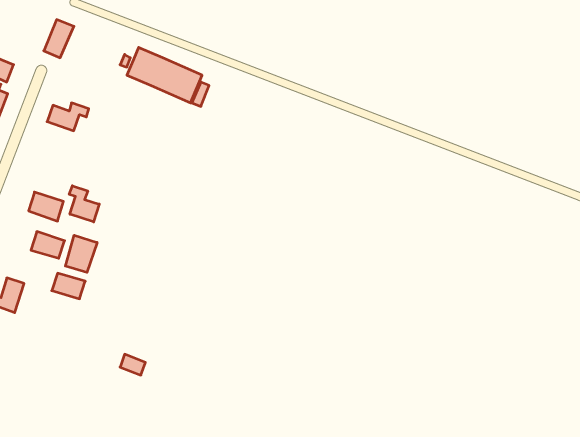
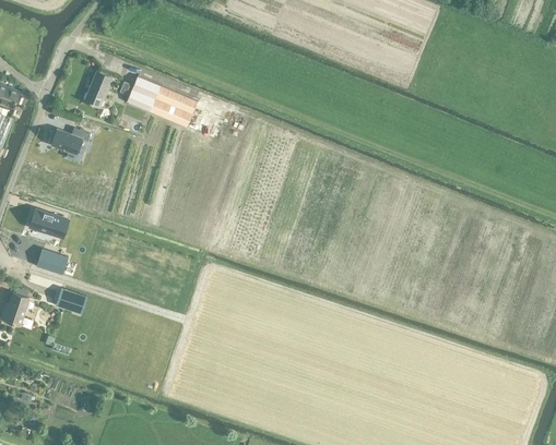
building: [44,20,74,58] -> [82,70,110,106]
building: [69,186,99,222] -> none
building: [65,235,97,272] -> none

